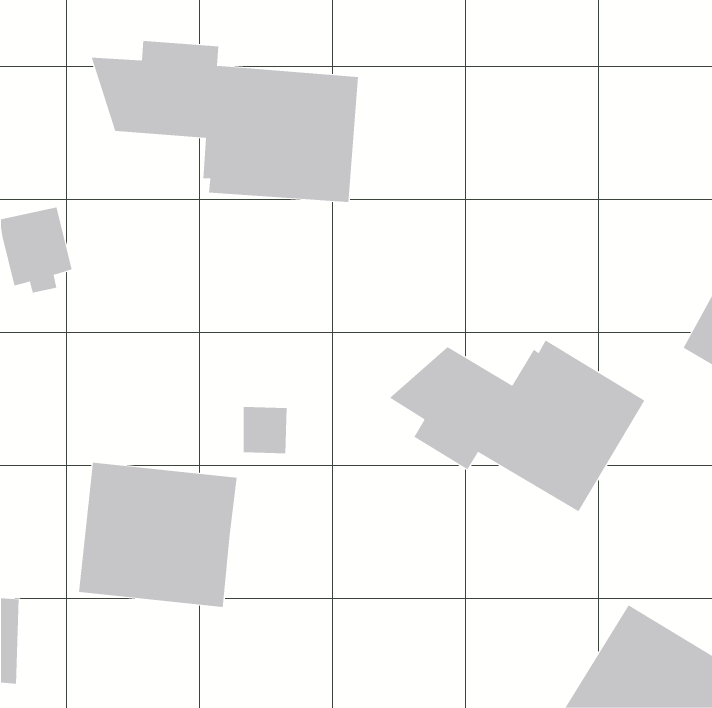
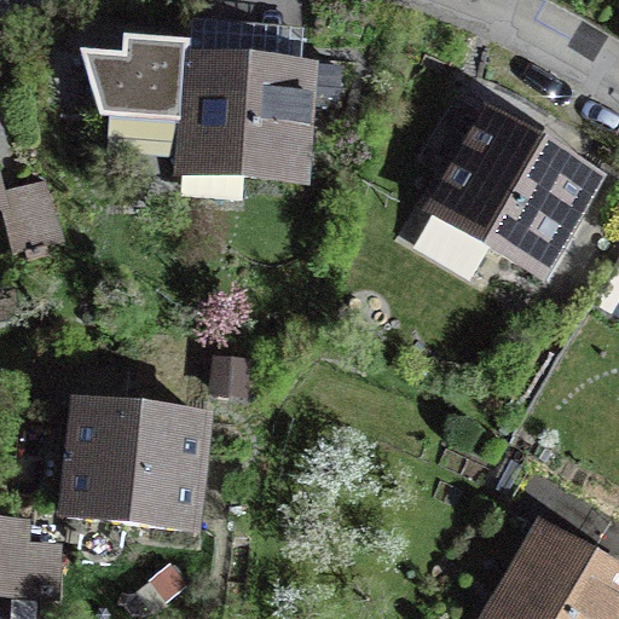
building: none -> [434,112,598,272]
building: [389,340,645,512] -> none

